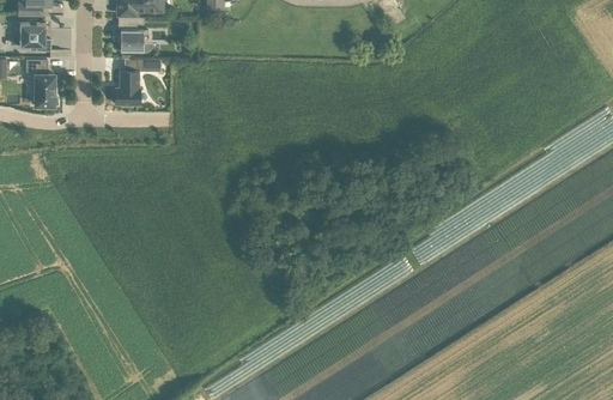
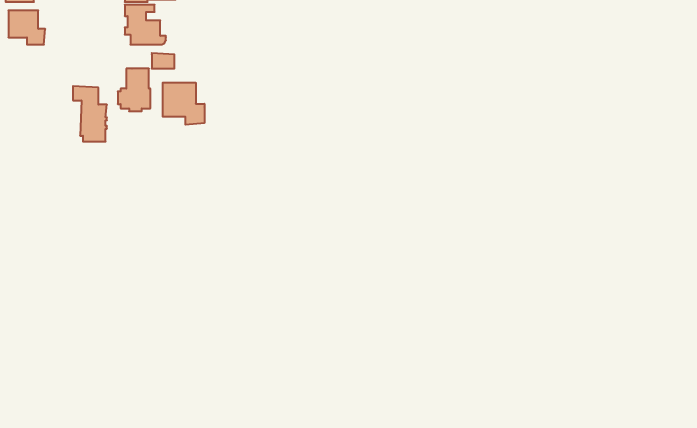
building: [26,59,55,105] -> [73,86,107,142]
building: none -> [163,83,204,125]

